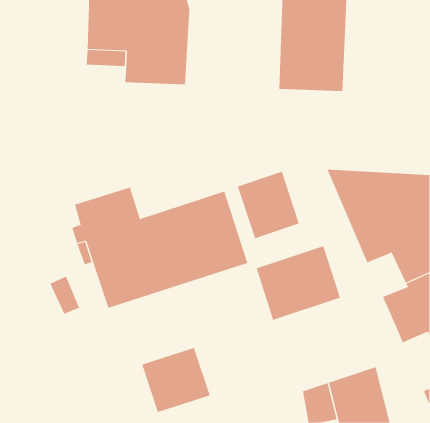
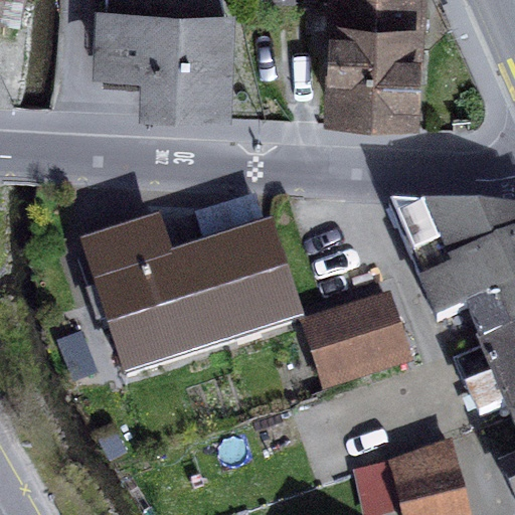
building: [237,171,300,239] -> none
building: [141,347,211,413] -> none

